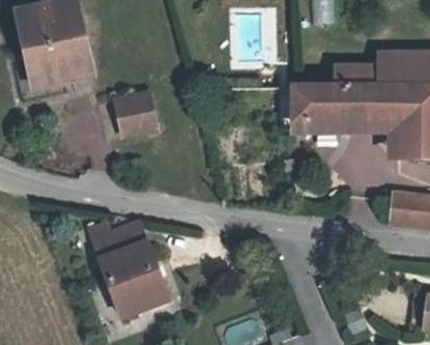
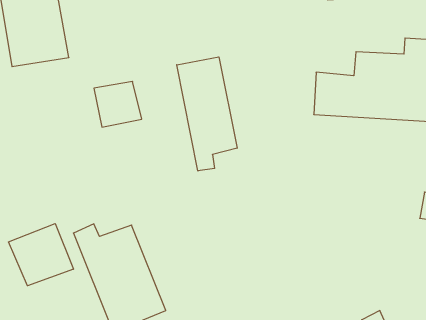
building: none -> [177,57,237,171]
building: none -> [9,224,73,286]

